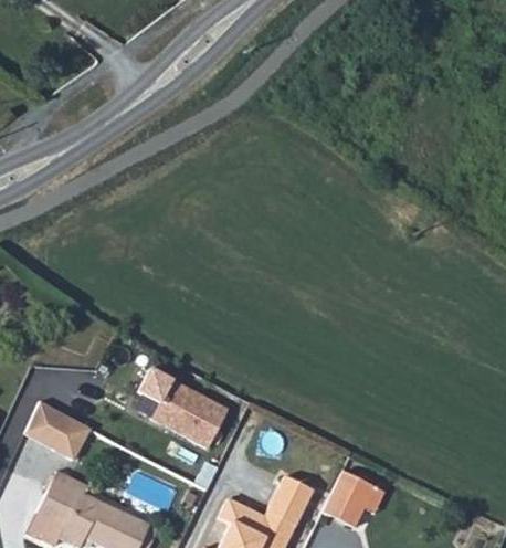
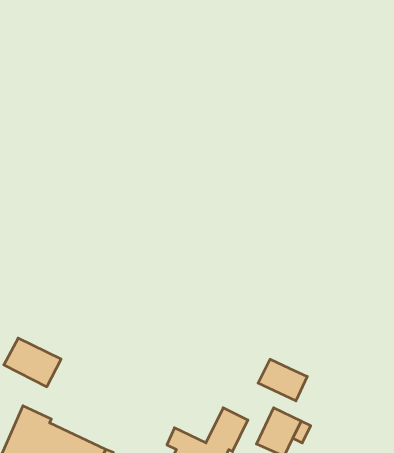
building: [151,381,225,451] -> none
building: none -> [258,359,307,401]

